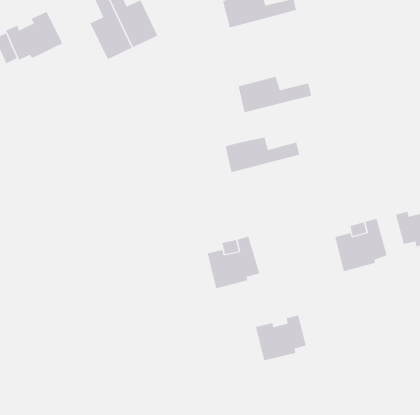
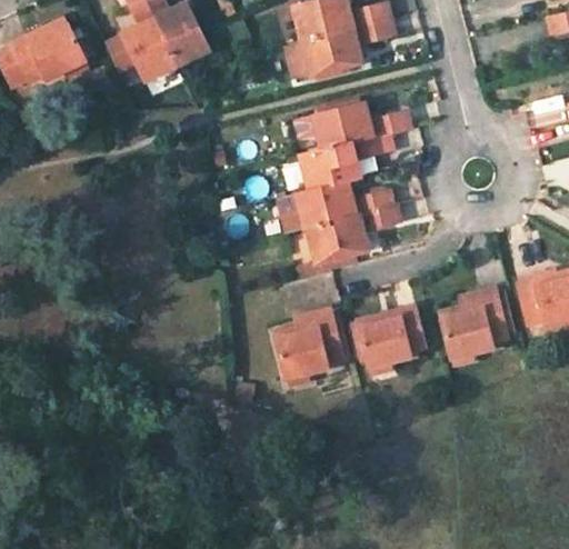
building: none -> [288,18,393,79]
building: none -> [300,134,391,191]
building: none -> [308,204,400,264]
building: [255,315,306,361] -> [357,307,423,367]

